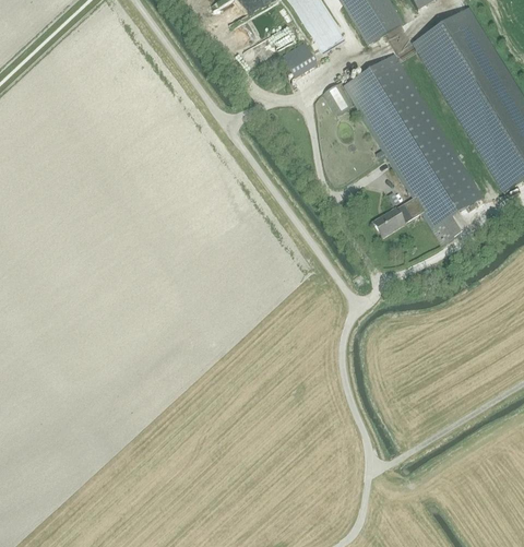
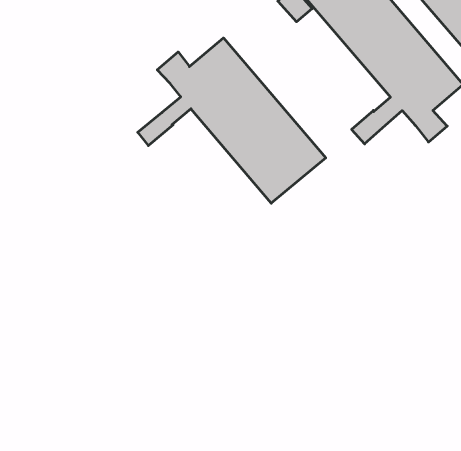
building: none -> [138,38,326,203]

